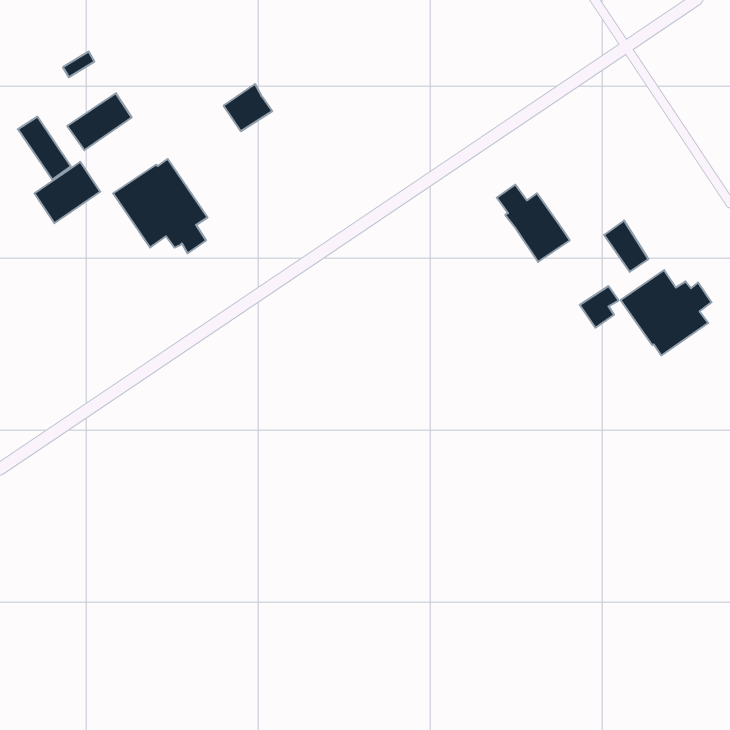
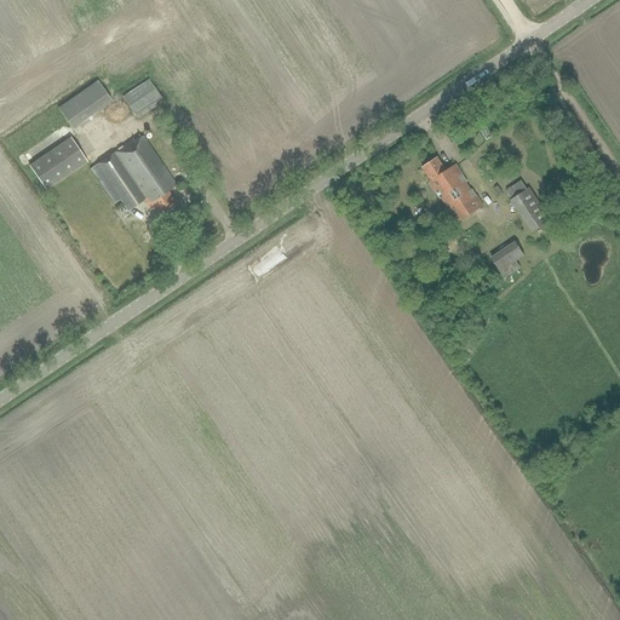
building: [224,84,272,131] -> [121,78,162,117]
building: [18,117,71,179] -> none
building: [621,270,712,355] -> none

